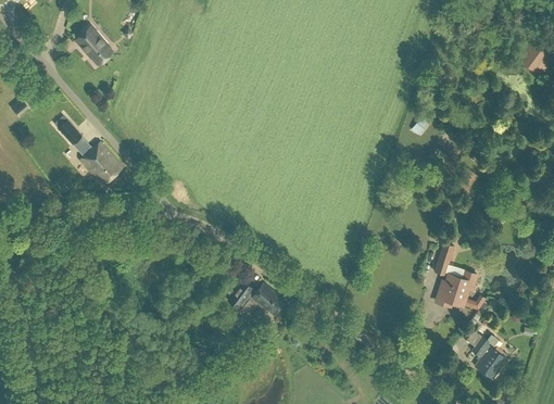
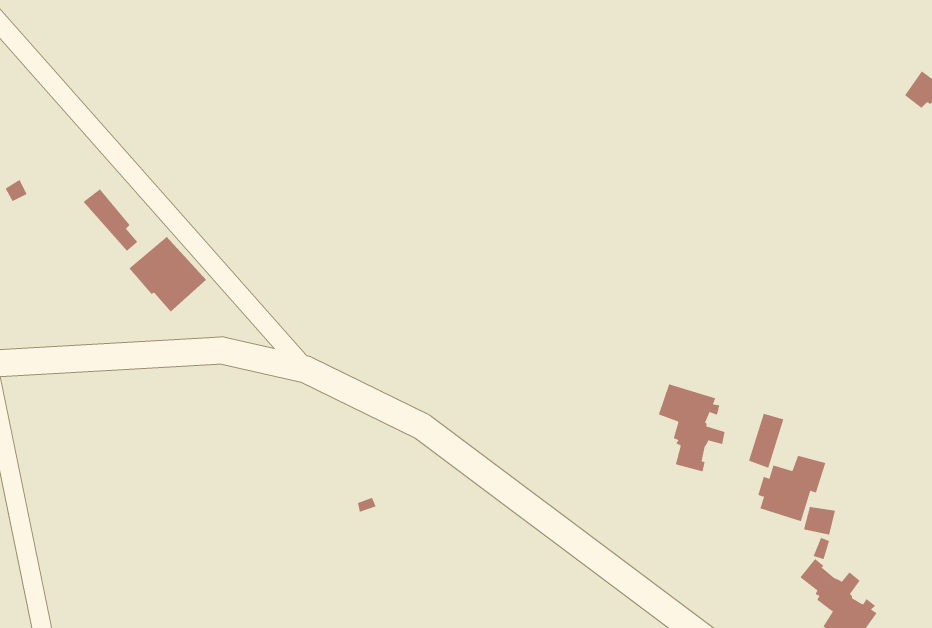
building: [75,23,113,63] -> none
building: none -> [658,383,725,472]
building: [228,281,286,316] -> none

